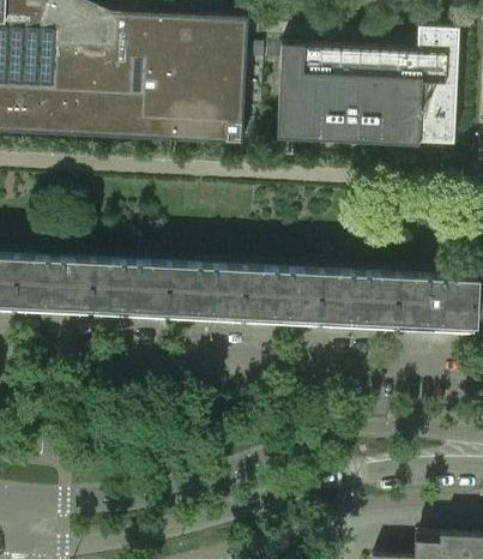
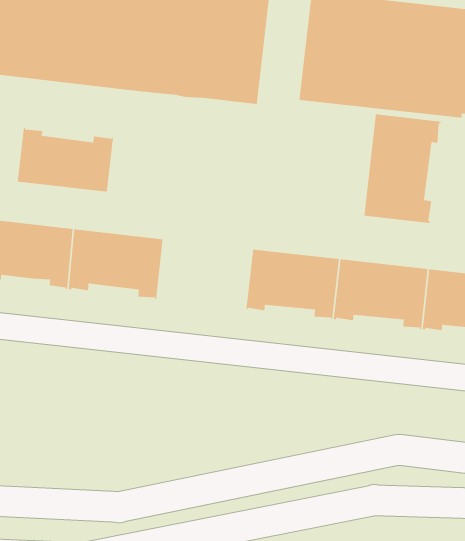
building: none -> [364,113,442,224]
building: none -> [17,127,114,193]
building: [165,265,244,321] -> none

